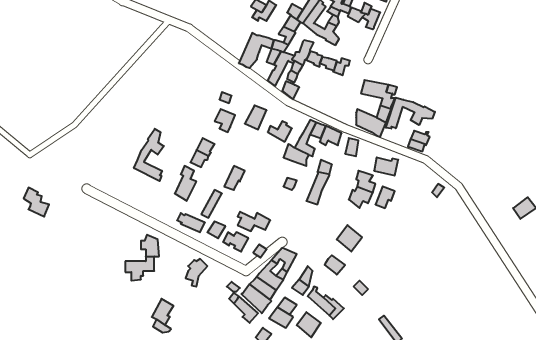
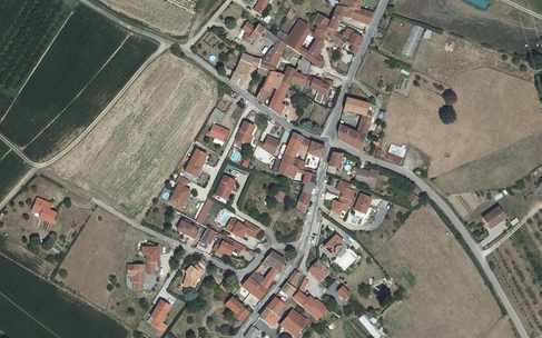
building: [386,98,435,129] -> none
building: [134,129,164,181] -> none

